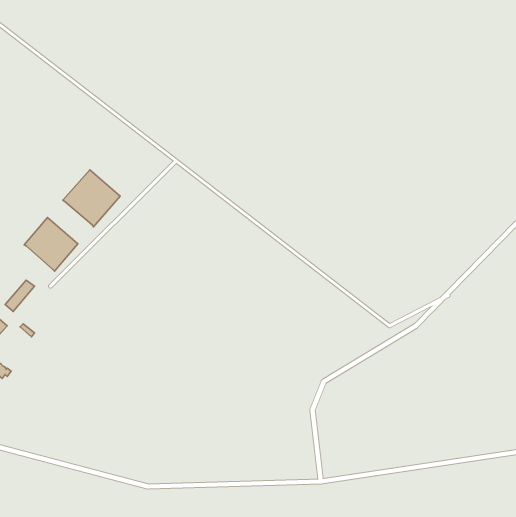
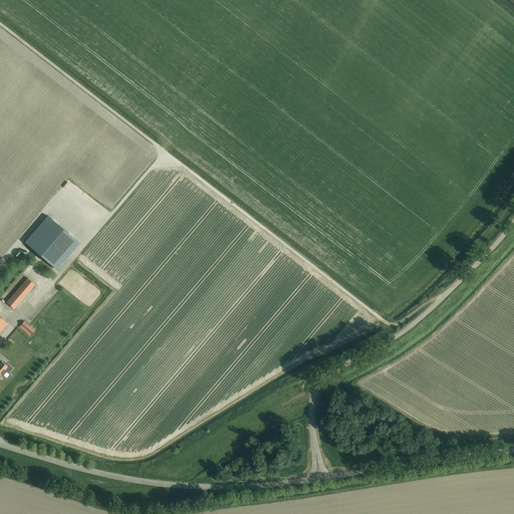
building: [63,170,120,227] -> none

